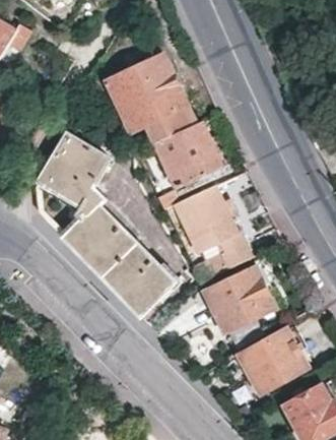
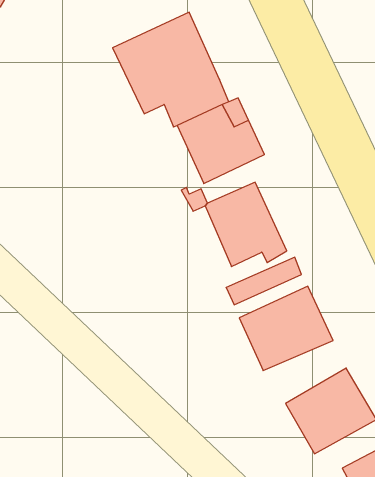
building: [40,133,176,315] -> none

